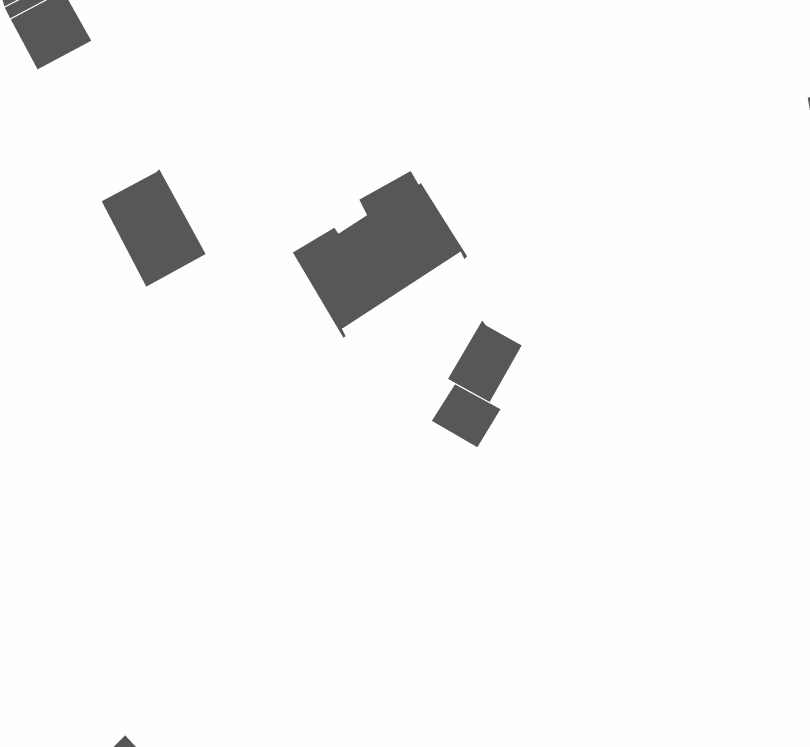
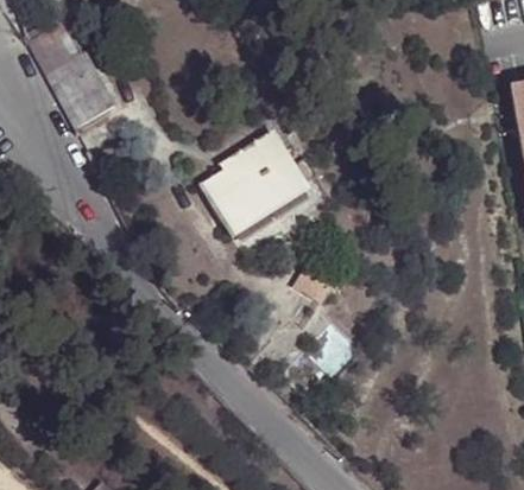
building: [101,168,207,288] -> [46,55,111,127]
building: [447,319,523,403] -> none

